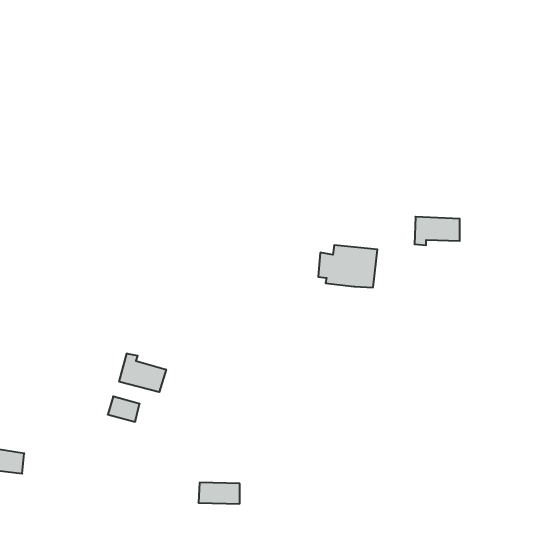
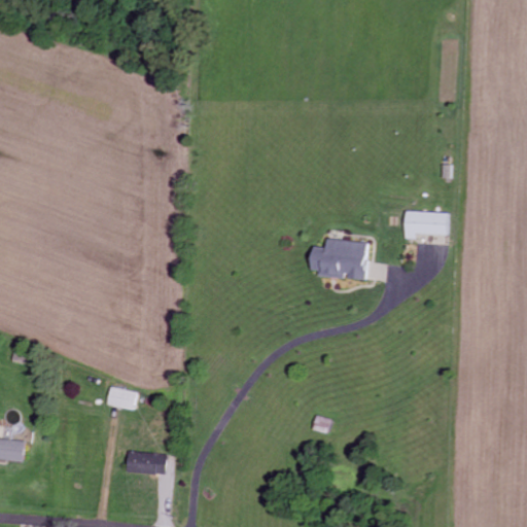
building: [119,353,166,392] -> none
building: [198,483,240,504] -> [126,453,166,473]

